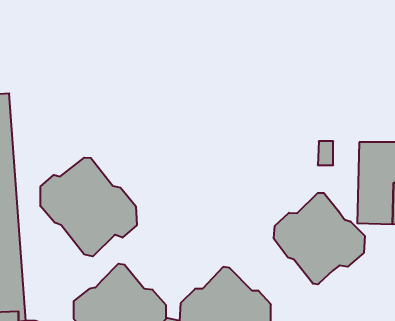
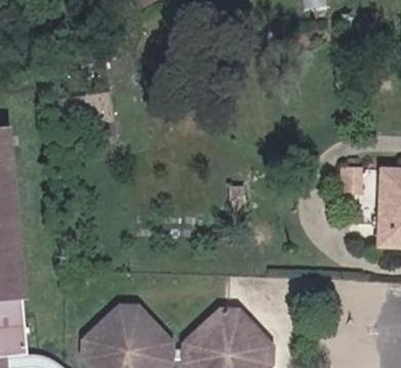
building: [40,158,137,256] -> none
building: [274,193,365,284] -> none

